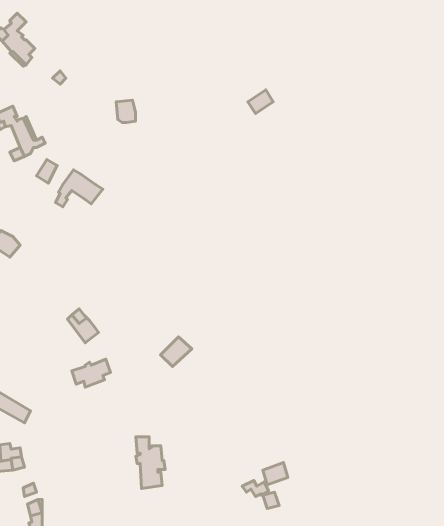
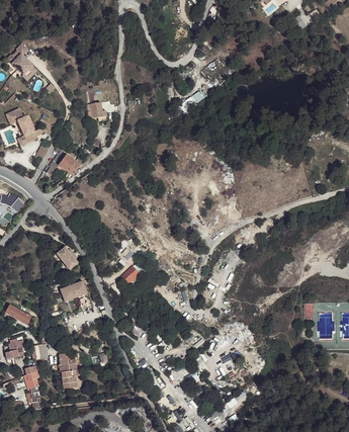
building: [136,437,165,489] -> [59,353,79,388]

